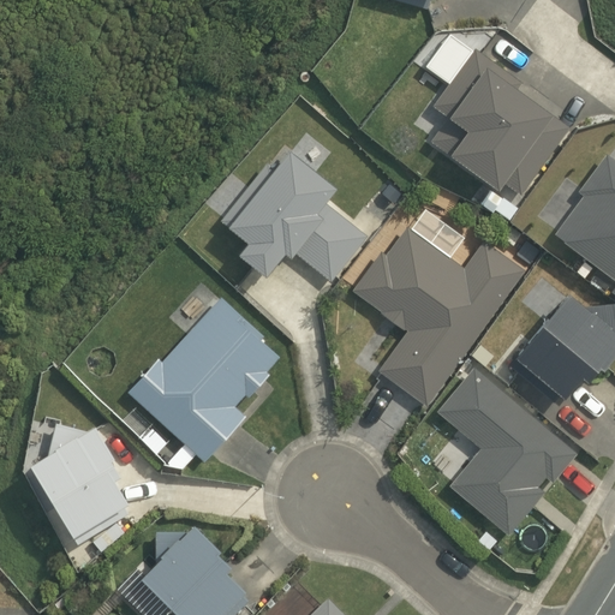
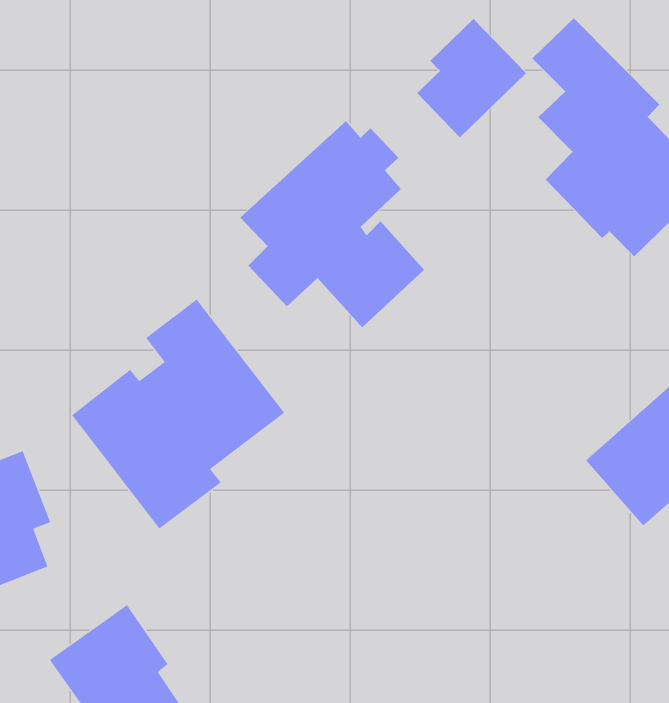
building: none -> [416,18,527,138]
building: [353,223,524,411] -> none
building: [438,369,581,539] -> none

